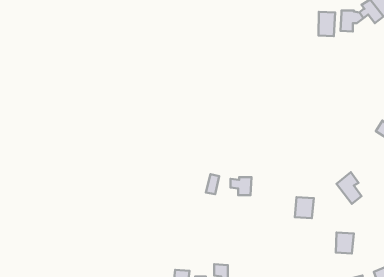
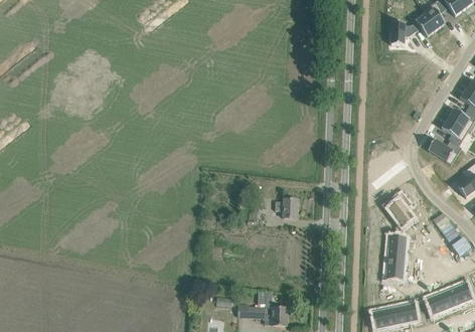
building: [319,12,335,36] -> none
building: [295,197,314,218] -> [386,235,407,258]

